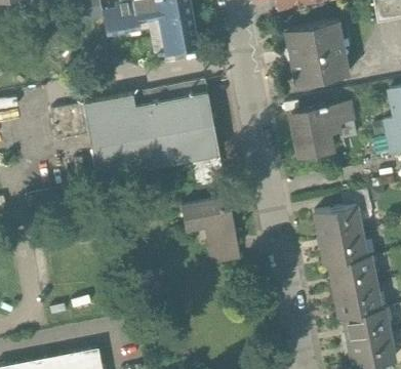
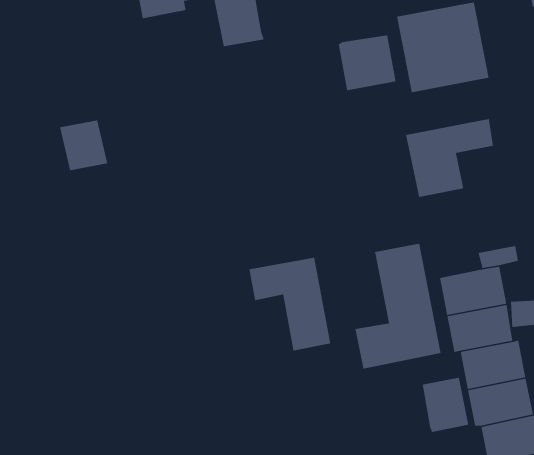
building: none -> [338,35,397,91]
building: [84,82,219,177] -> none
building: none -> [355,243,442,370]
building: none -> [422,377,469,433]

